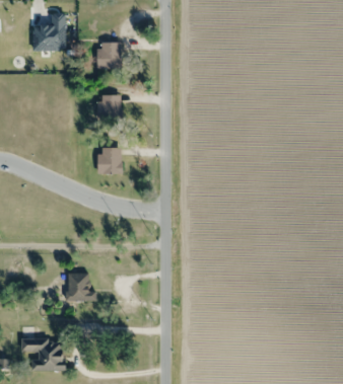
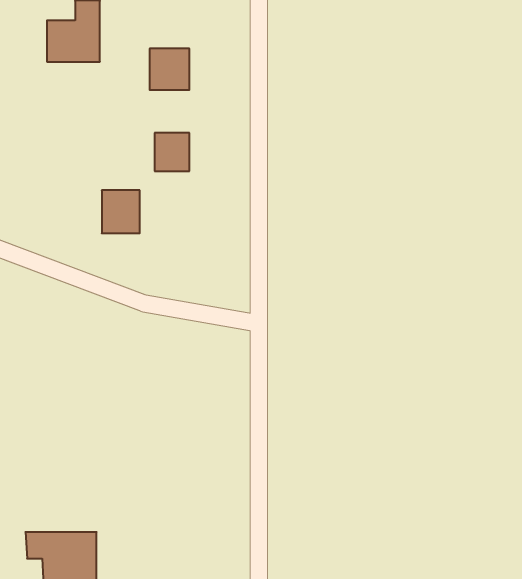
building: [97,146,121,172] -> [102,190,140,233]
building: [66,272,95,300] -> none

